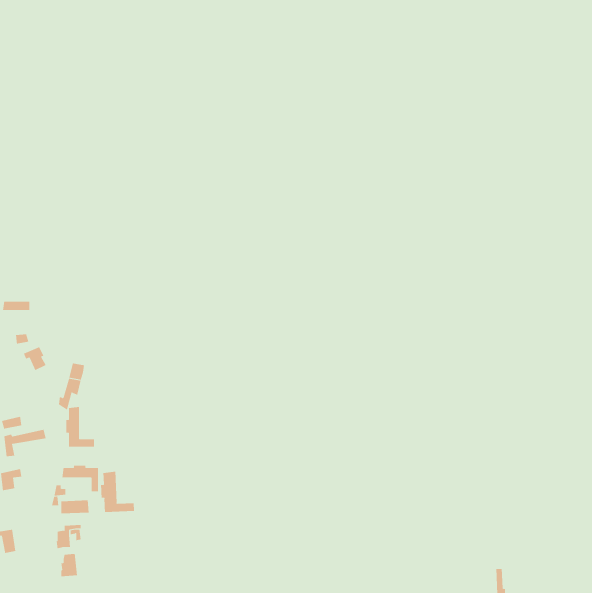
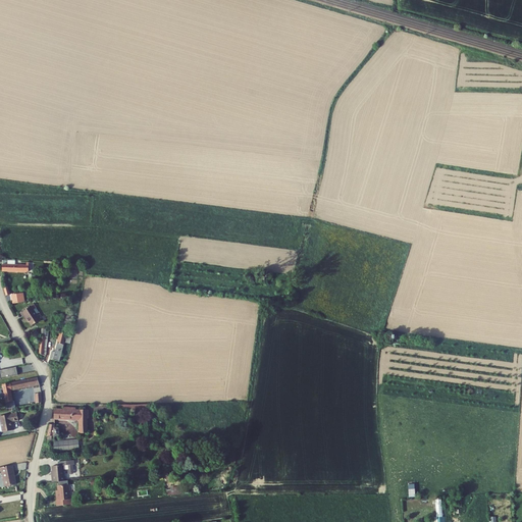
building: [66,406,94,448] -> none
building: [101,471,135,513] -> none

